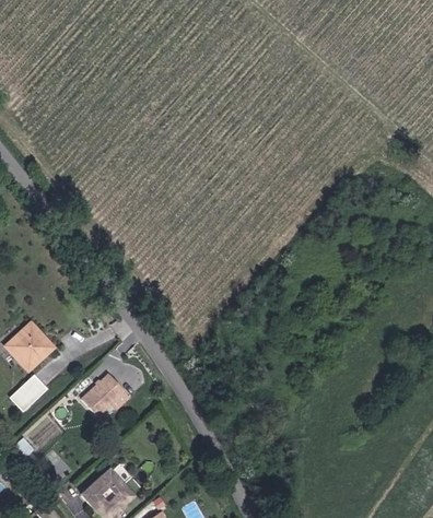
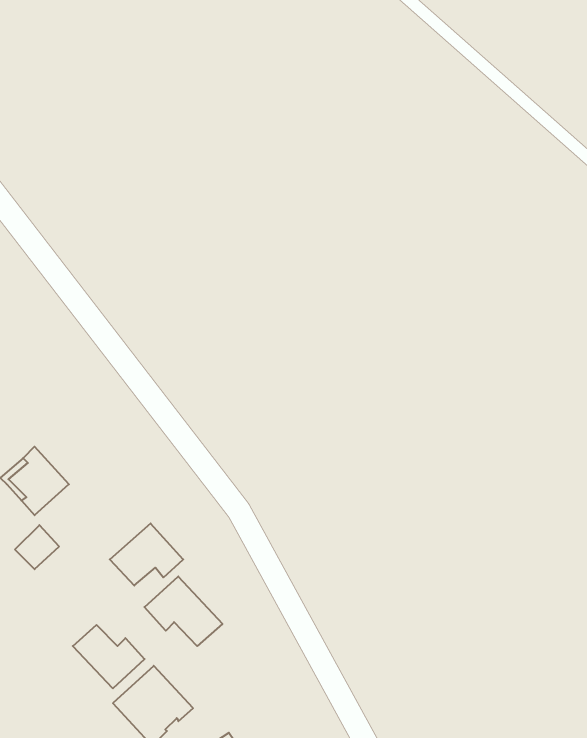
building: none -> [144,576,222,646]
building: none -> [73,625,145,688]

